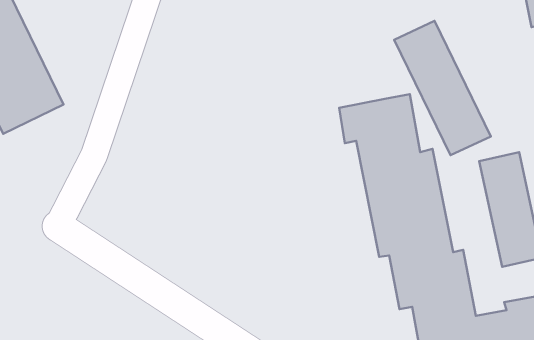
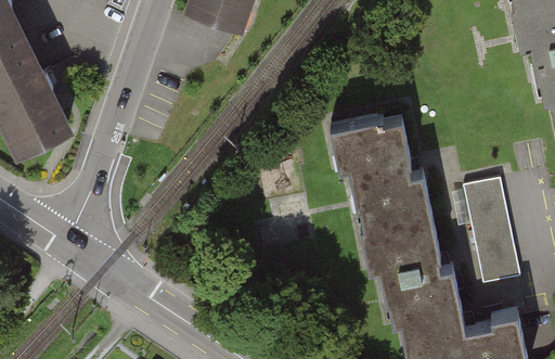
building: [394,21,491,155] -> none

